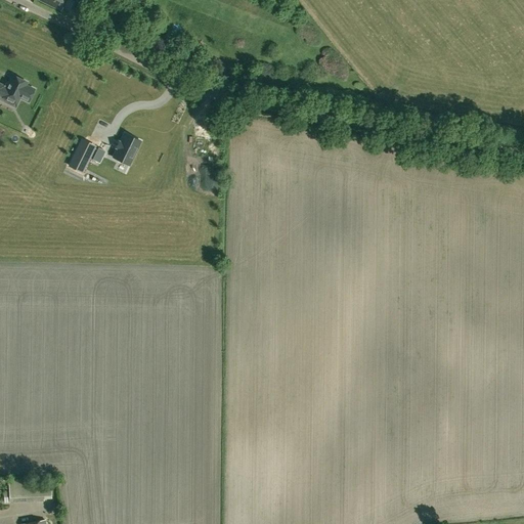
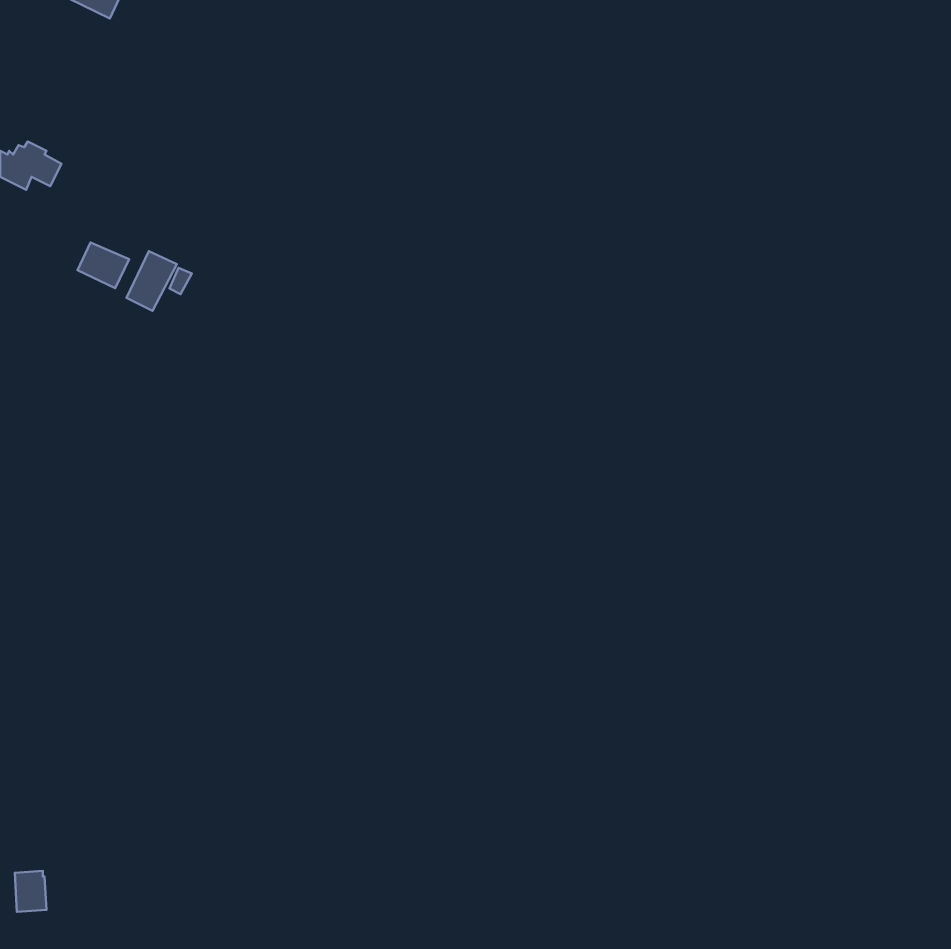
building: [113,133,140,165] -> none
building: none -> [78,243,129,288]

